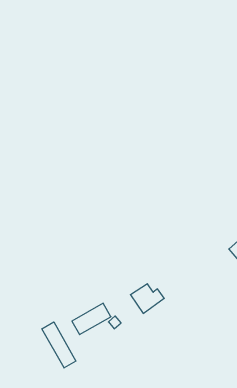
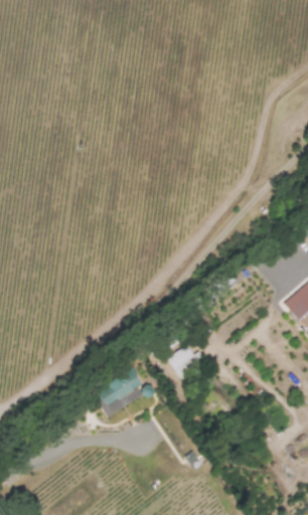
building: [42,322,76,368] -> none

